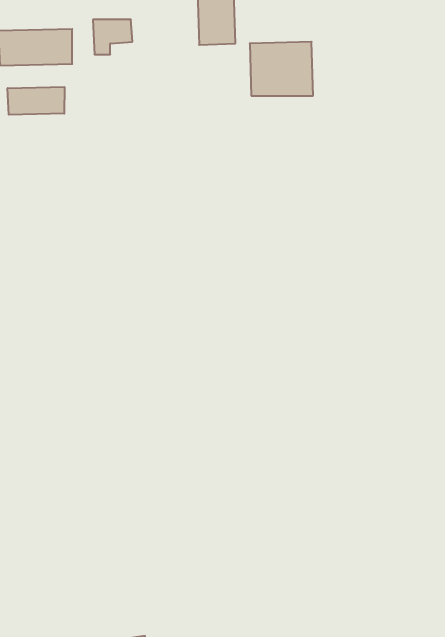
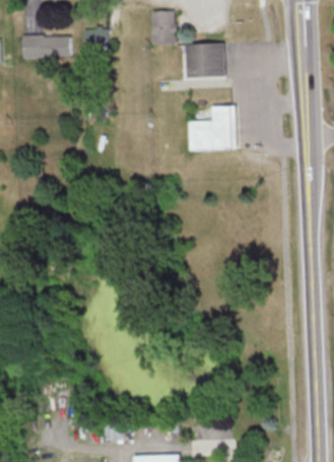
building: [8,87,64,115] -> none
building: none -> [189,106,233,150]

